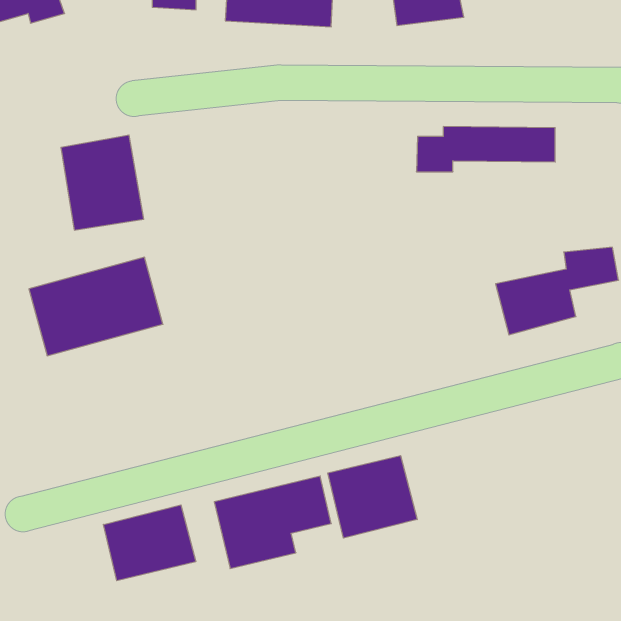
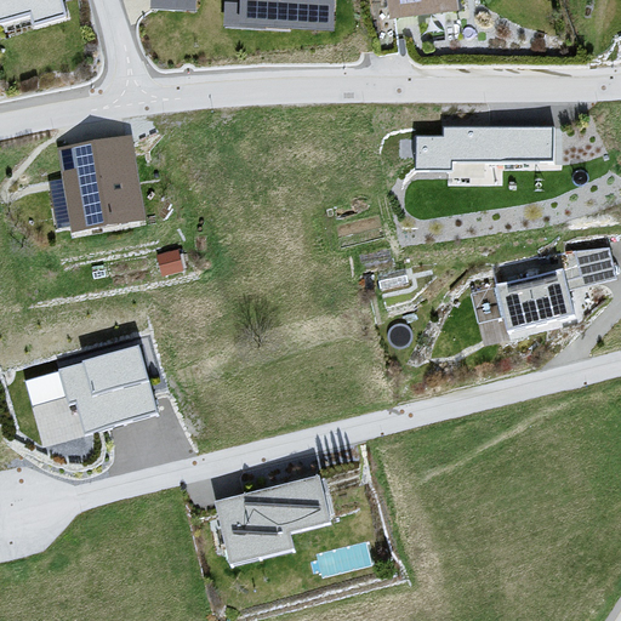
building: [29,257,163,356] -> [23,347,156,445]
building: [328,456,417,538] -> none
building: [103,505,196,581] -> none

